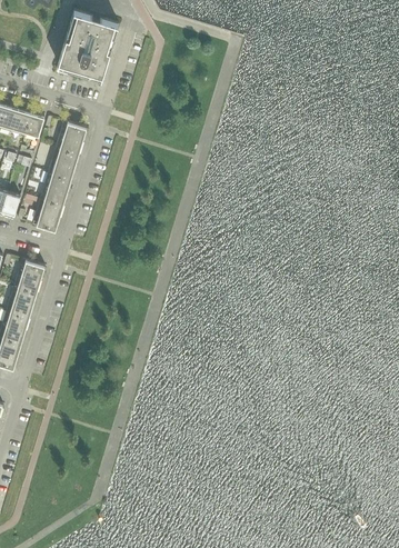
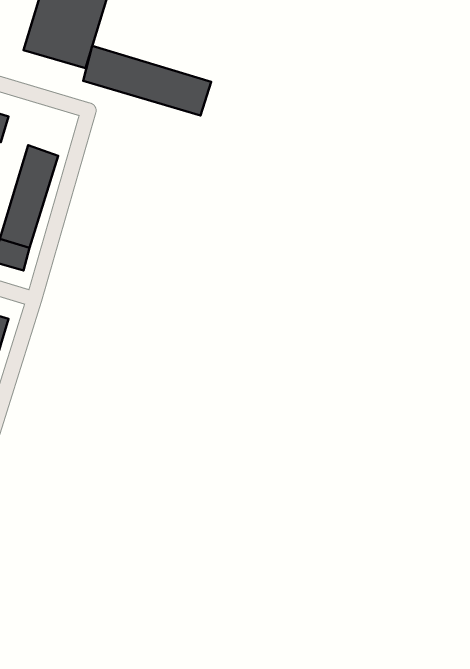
building: none -> [83,46,211,116]
building: [58,120,86,146] -> none

